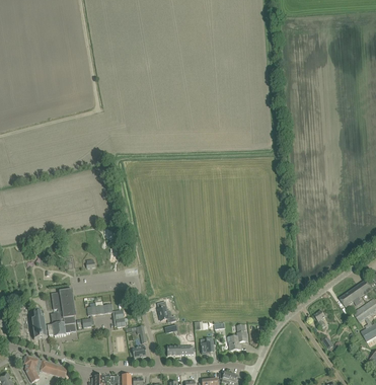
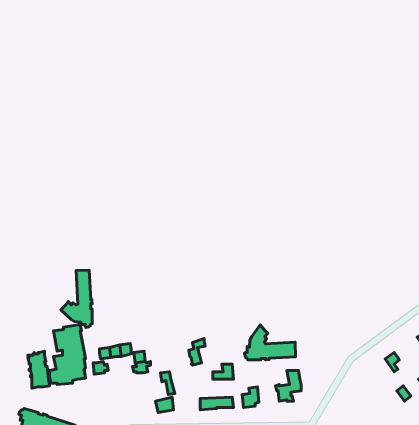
building: none -> [61,270,92,327]
building: none -> [245,325,296,360]

